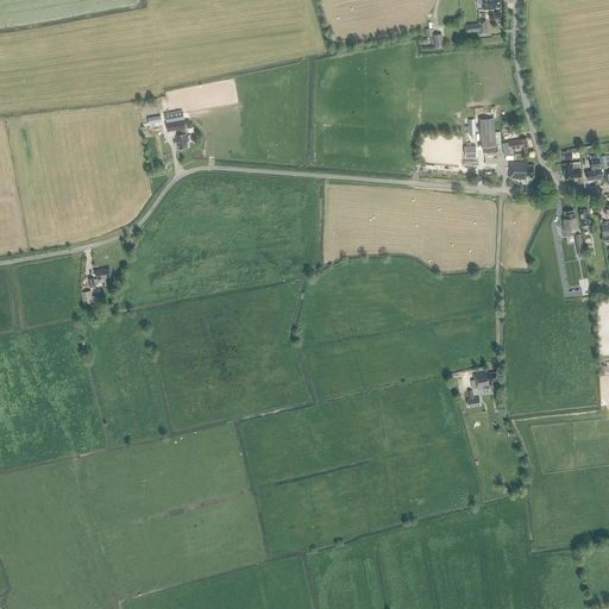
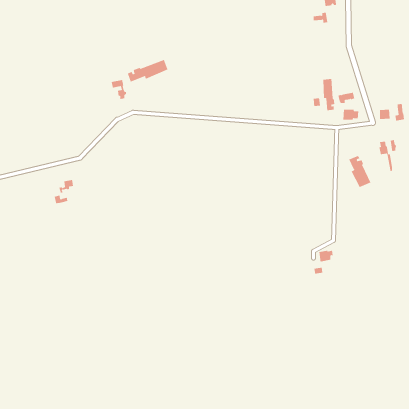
building: none -> [127,59,168,82]
building: none -> [348,155,371,188]

